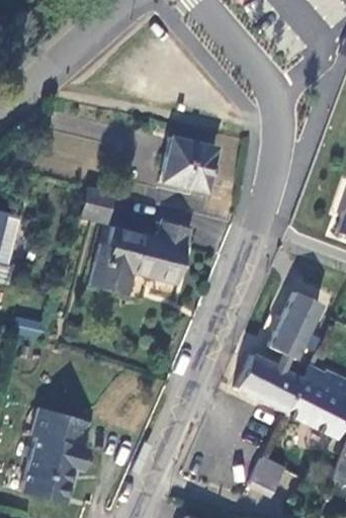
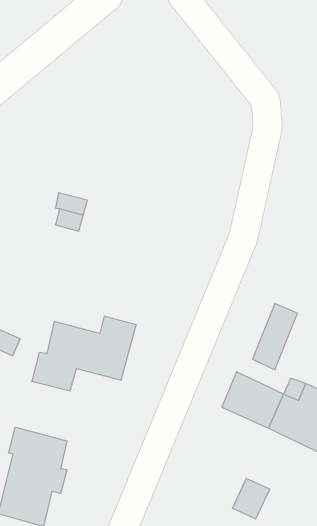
building: [163,139,218,190] -> none
building: [92,222,191,292] -> [32,316,136,391]

